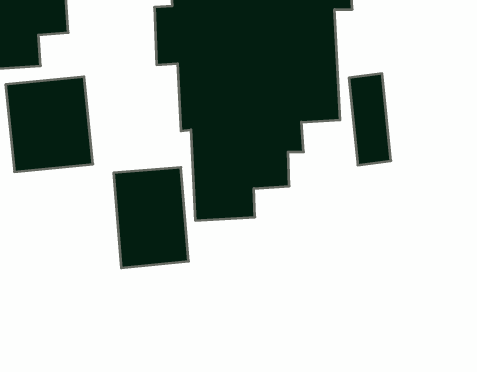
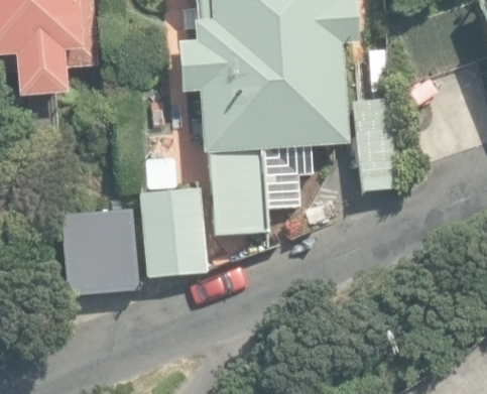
building: [6,77,93,172] -> [59,209,139,295]

